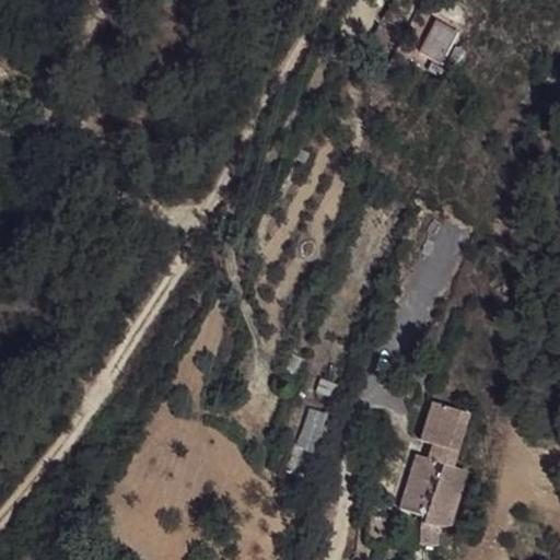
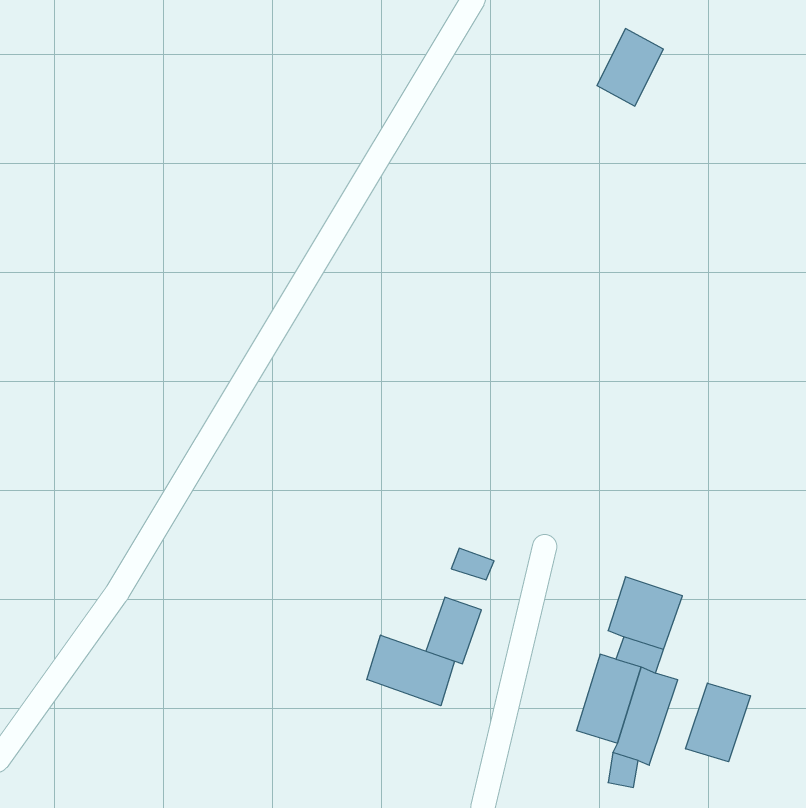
building: none -> [367,635,455,706]
building: none -> [686,683,750,762]

